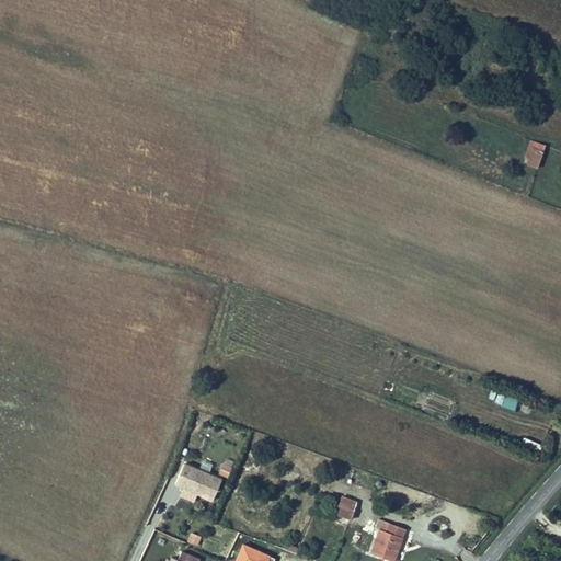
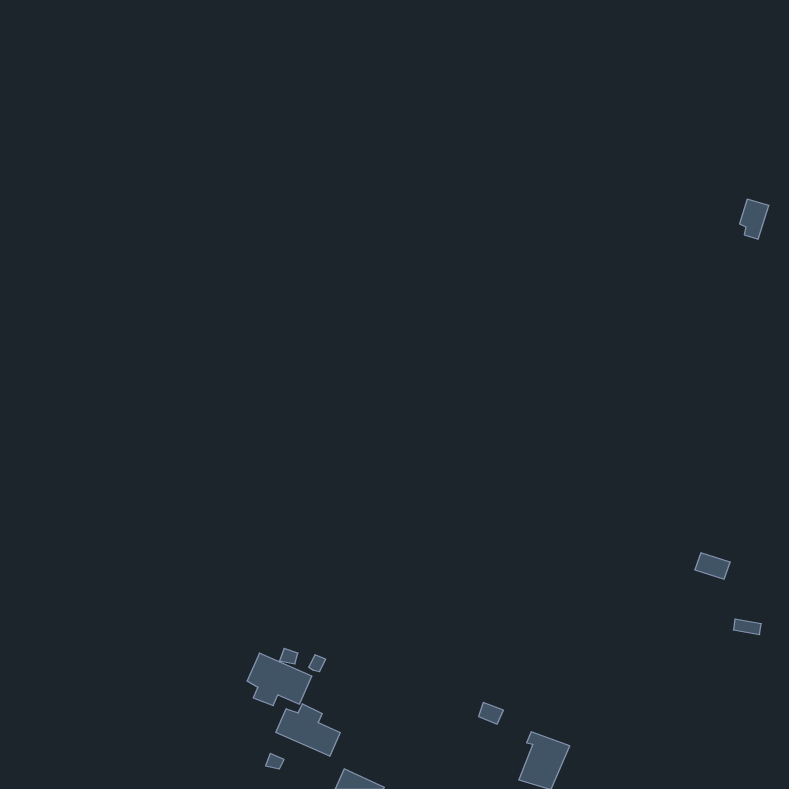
building: none -> [276,704,340,756]

